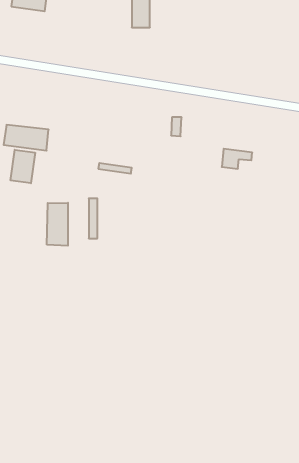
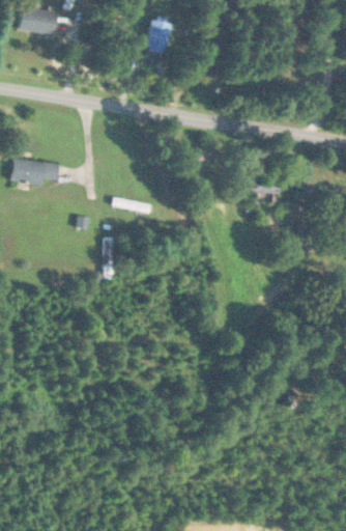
building: [11,150,35,183] -> none
building: [47,203,68,246] -> none

